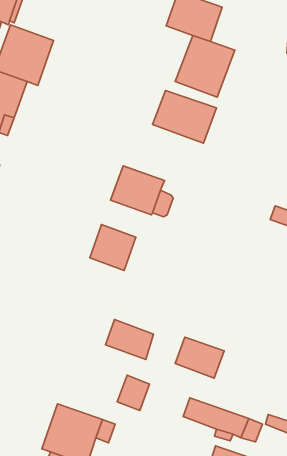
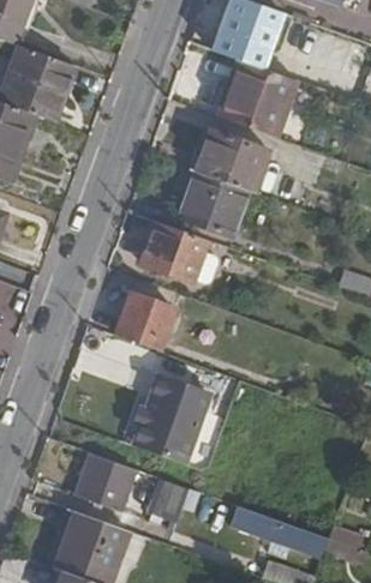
building: none -> [175,164,247,233]
building: [175,337,224,378] -> [145,374,205,425]
building: none -> [74,450,132,510]

